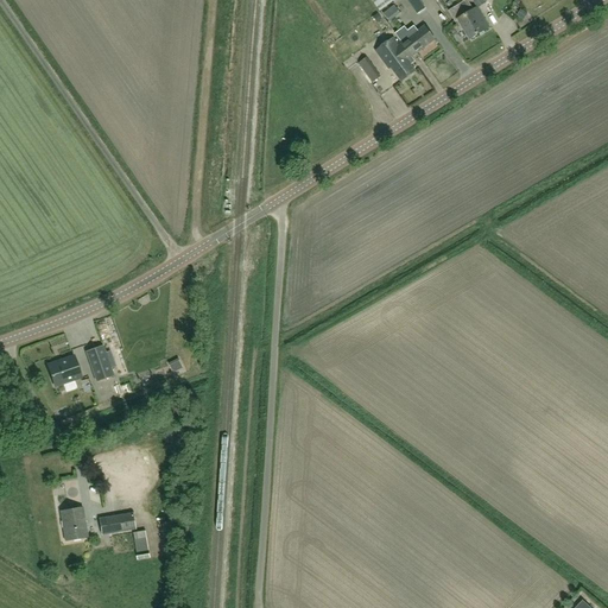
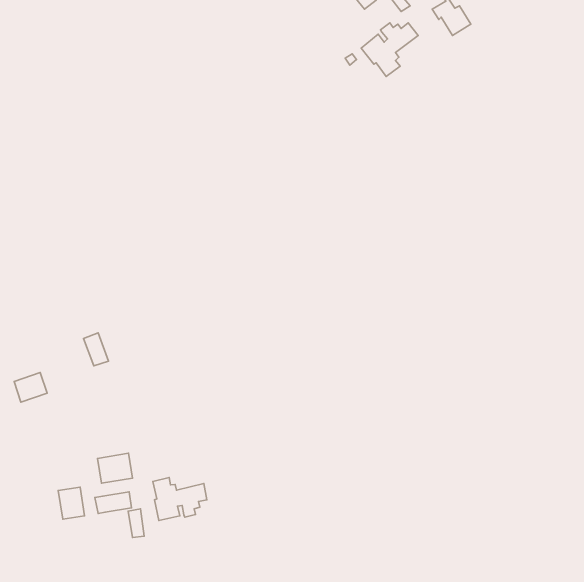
building: [48,355,82,386] -> [14,373,47,402]
building: none -> [97,453,133,483]
building: none -> [153,478,207,520]

